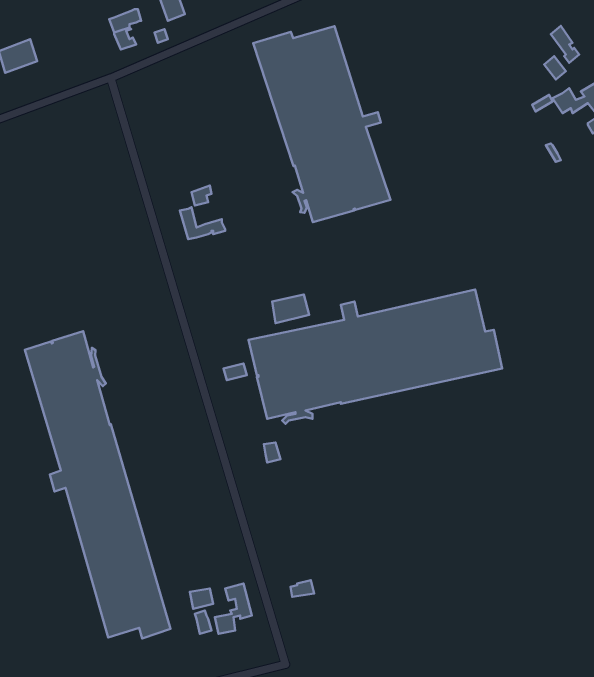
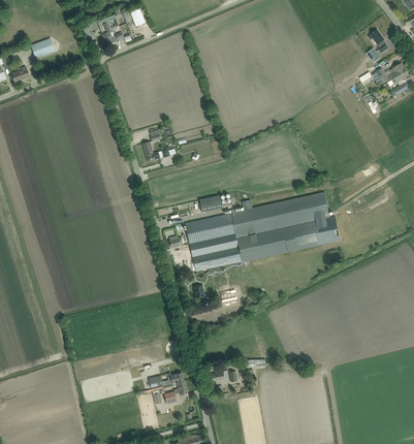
building: [253,26,390,222] -> none
building: [25,331,170,639] -> none

